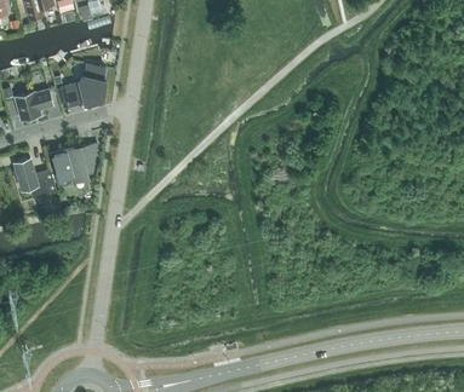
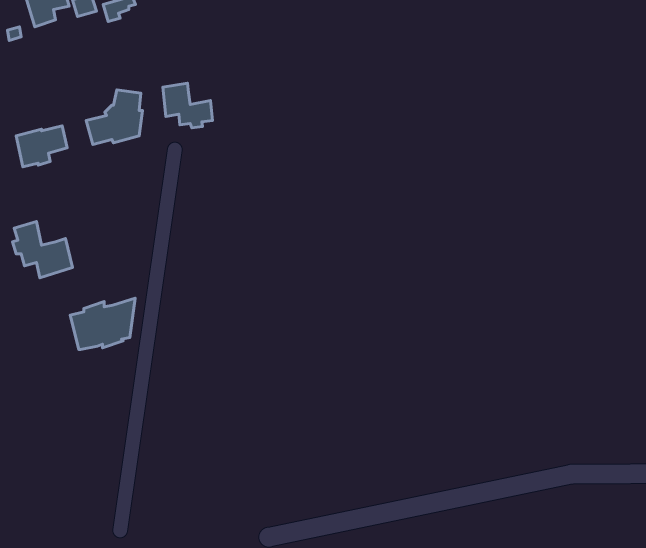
building: none -> [163,83,212,128]
building: [50,144,96,180] -> [70,298,135,349]

